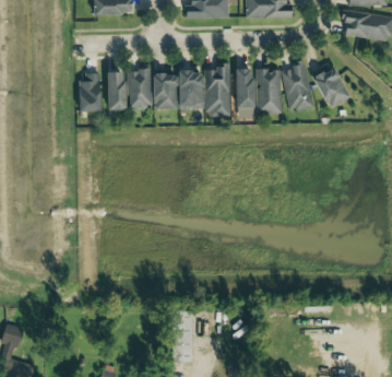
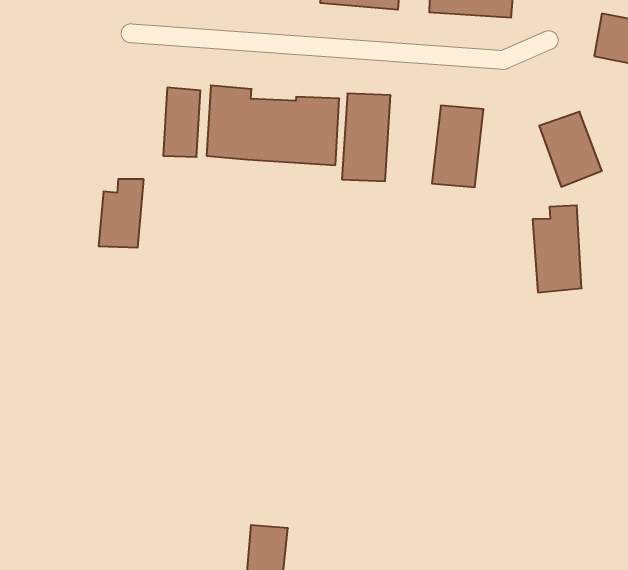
building: [283,60,313,110] -> [533,205,582,292]
building: [235,69,253,117] -> none
building: [79,72,100,111] -> [99,179,144,248]

